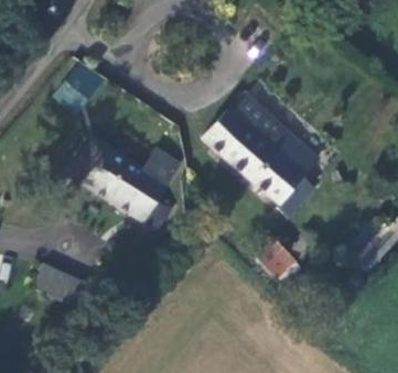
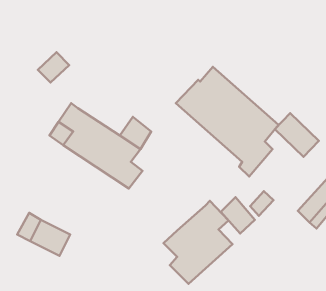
building: none -> [275,113,319,157]
building: none -> [164,201,232,284]

